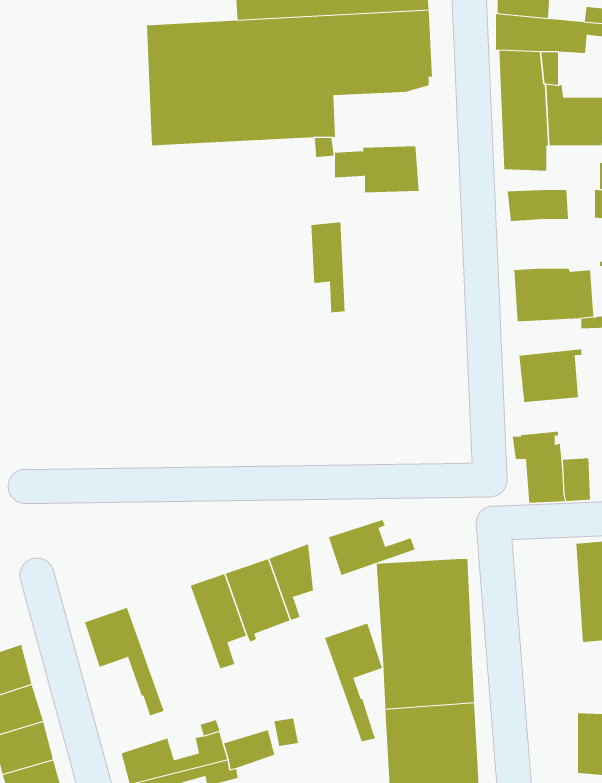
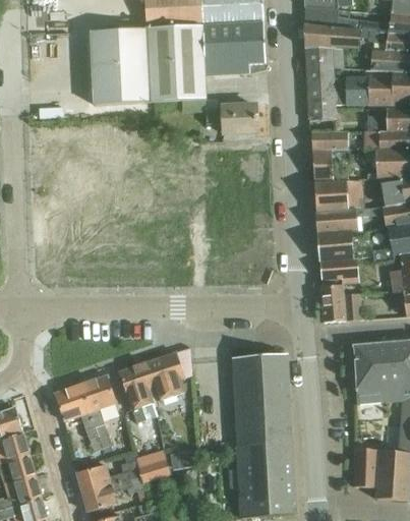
building: none -> [312,149,332,179]
building: [311,222,345,313] -> none
building: none -> [316,209,356,231]
building: none -> [320,256,359,280]
building: [328,519,415,576] -> none
building: [324,623,383,742] -> [80,374,116,447]

